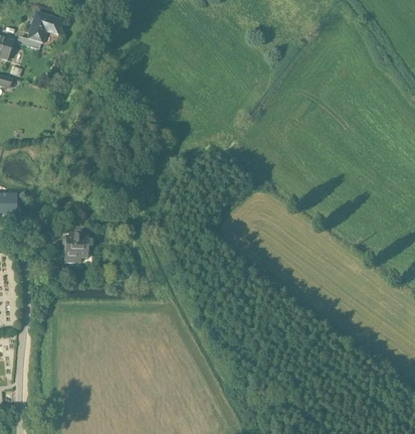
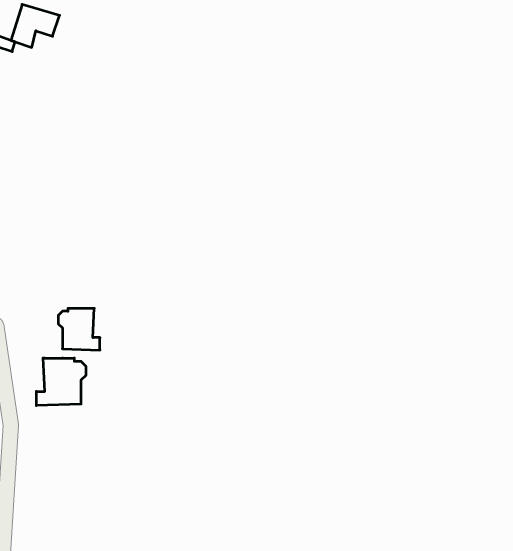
building: none -> [36,358,86,406]

